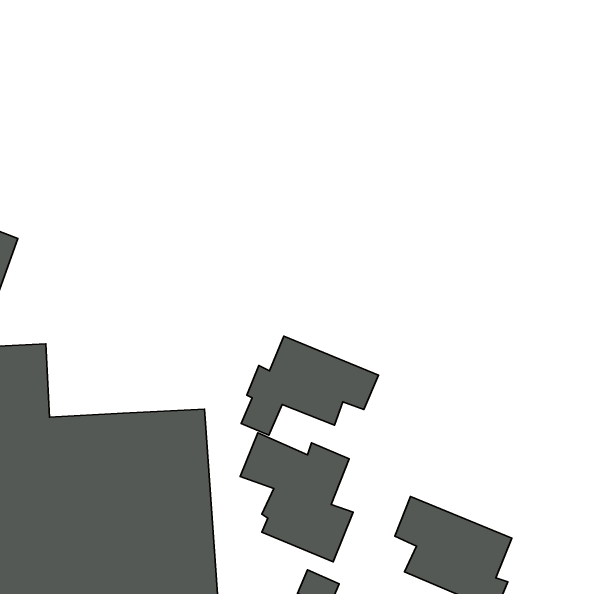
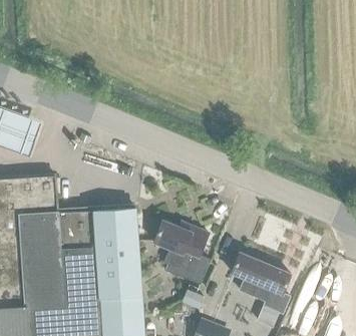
building: [241,336,378,435] -> none

